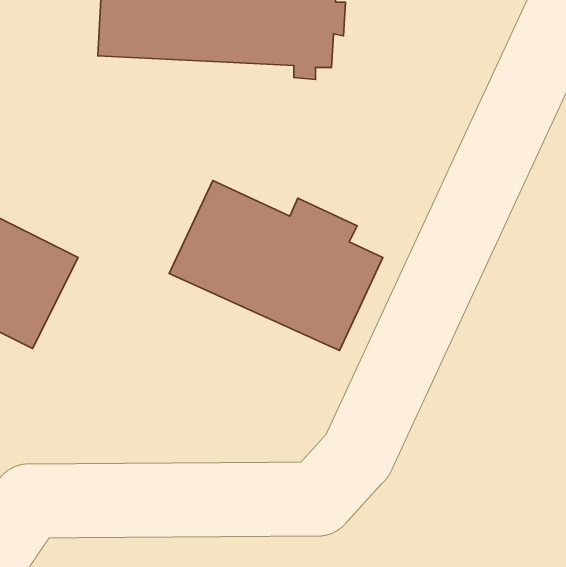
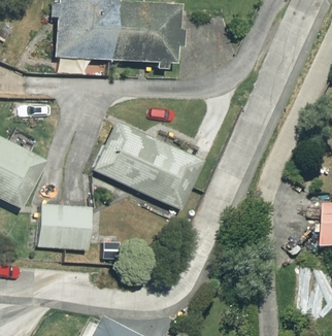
building: none -> [37,203,91,249]

